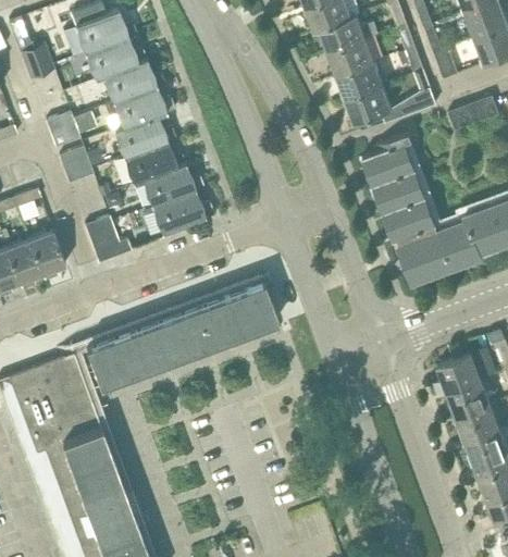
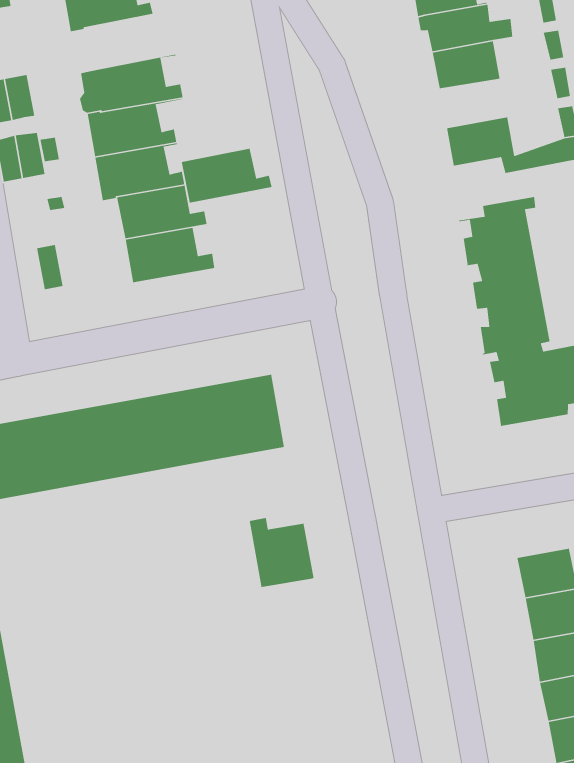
building: [103,61,164,103] -> [181,148,272,204]
building: [336,64,383,101] -> none
building: [84,223,131,265] -> none
building: none -> [249,517,314,588]

